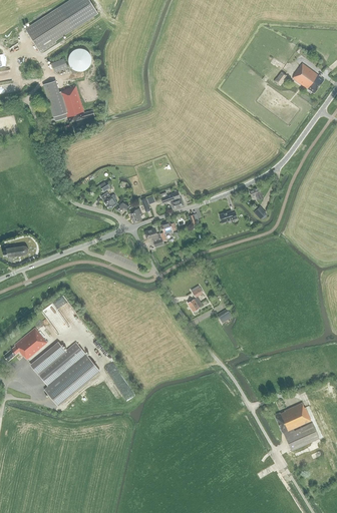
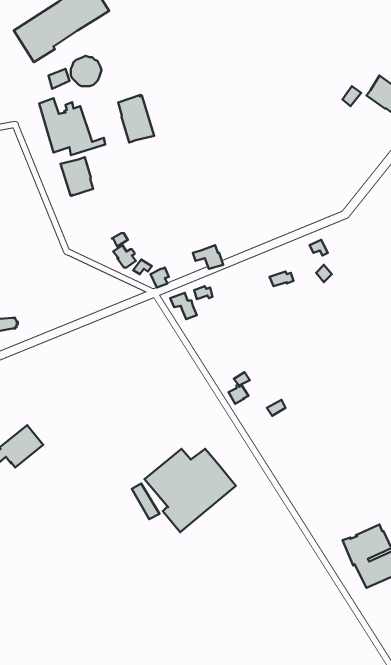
building: none -> [118,95,154,142]
building: none -> [61,157,93,196]
building: [30,342,99,405] -> [144,449,236,532]

